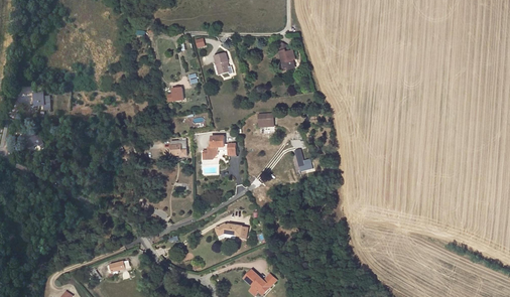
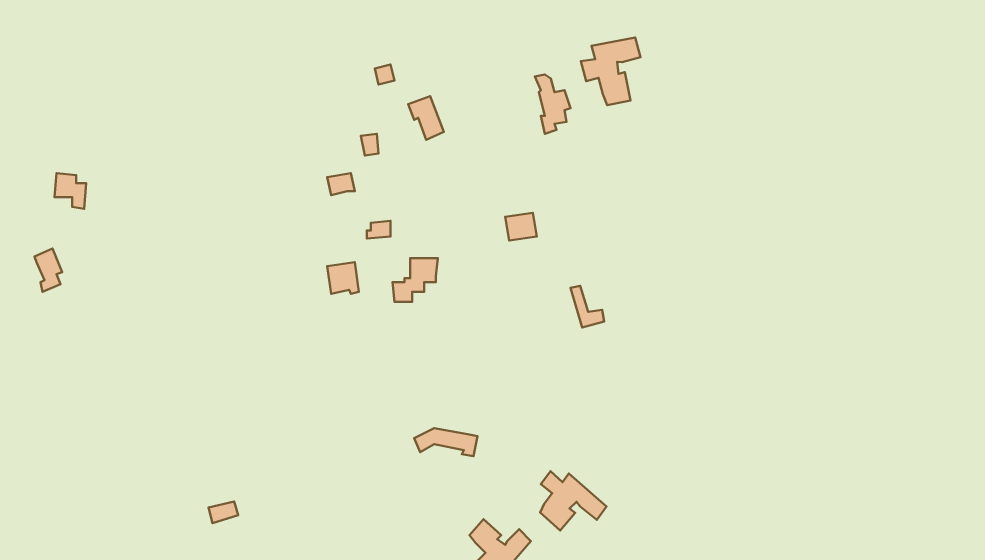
building: none -> [581,37,640,105]
building: none -> [540,471,606,530]

